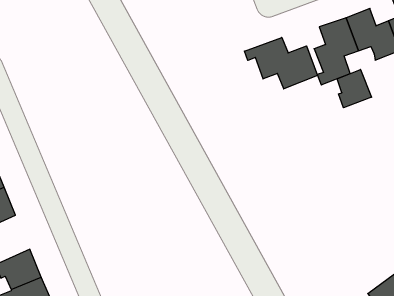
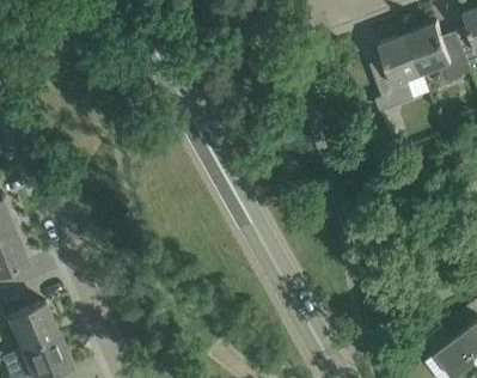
building: [244,37,318,89] -> none
building: [337,69,372,108] -> none

